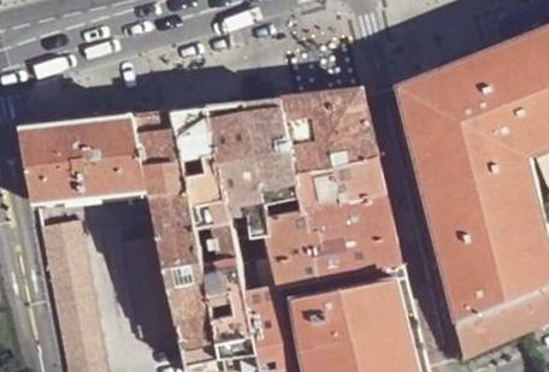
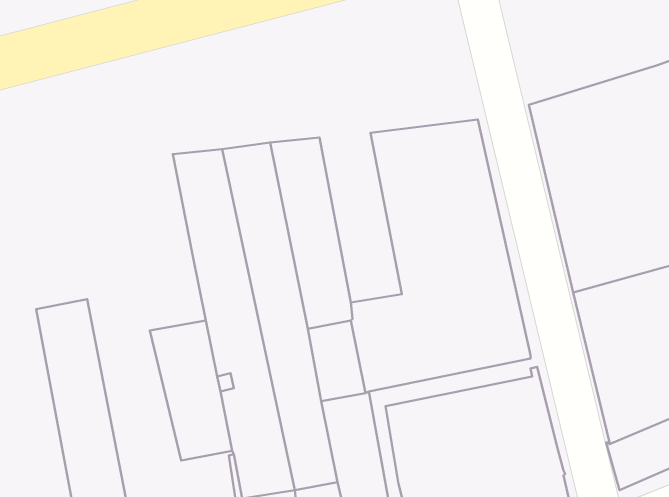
building: [244,99,305,223] -> none
building: [18,114,152,201] -> none

